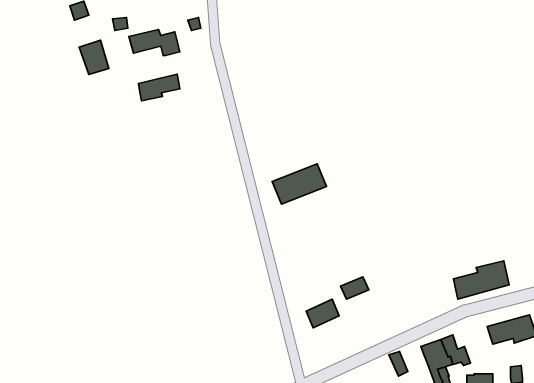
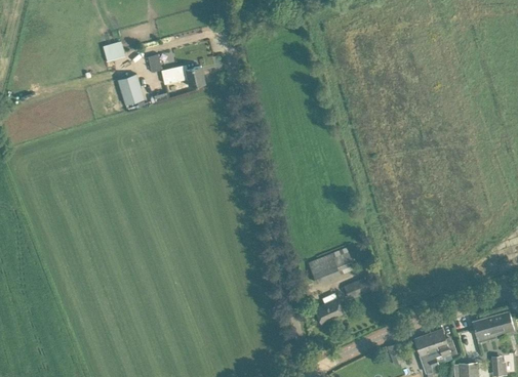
building: [138,74,180,101] -> none
building: [272,164,326,204] -> [309,248,356,283]
building: [453,261,509,299] -> none

